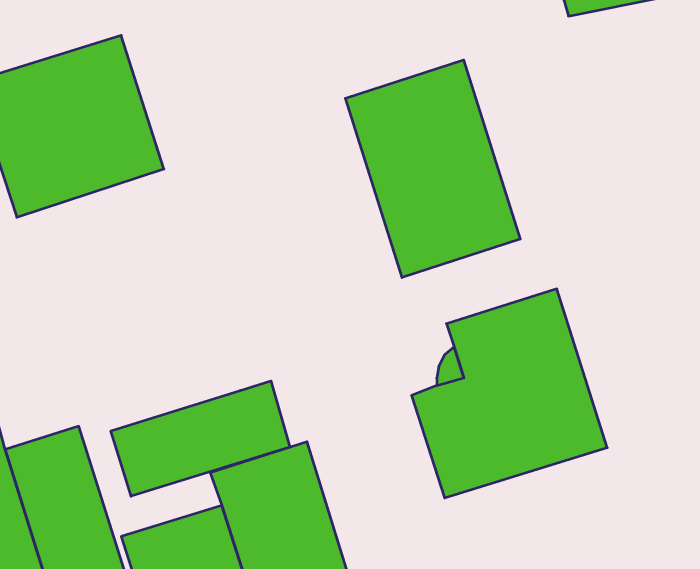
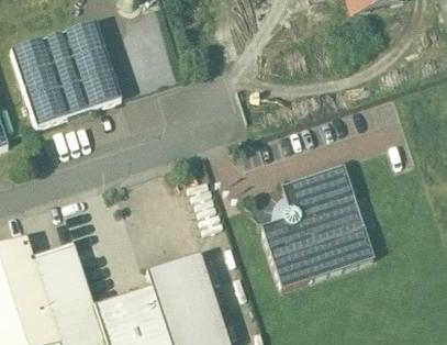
building: [345,60,520,278] -> none
building: [111,381,290,496] -> none

